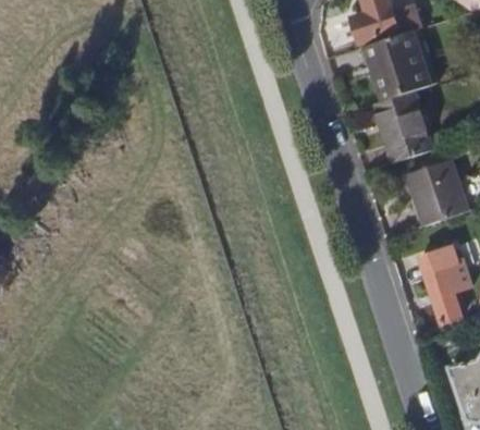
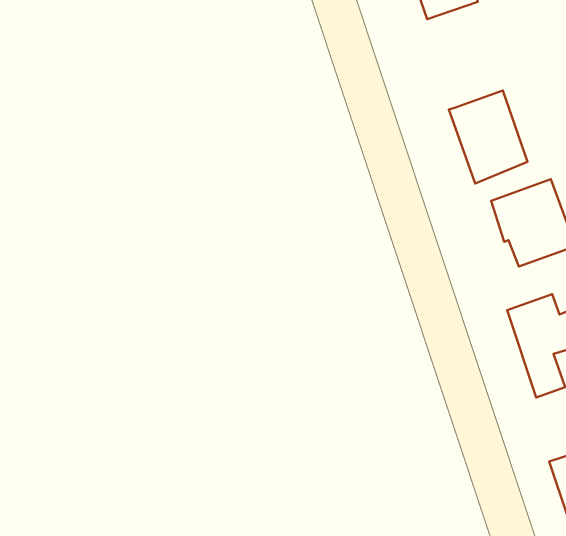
building: [360,34,426,106] -> none

